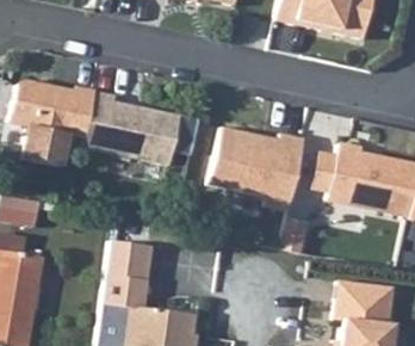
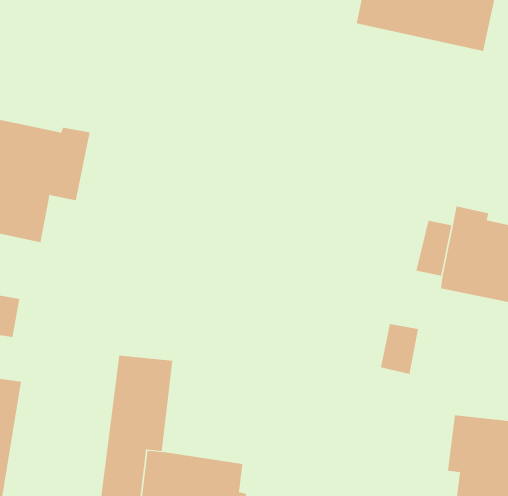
building: [82,92,178,165] -> none
building: [210,128,304,210] -> none

